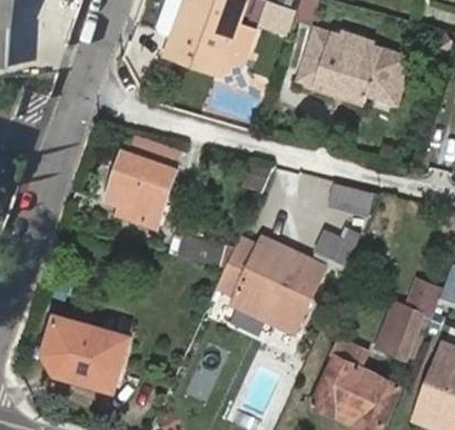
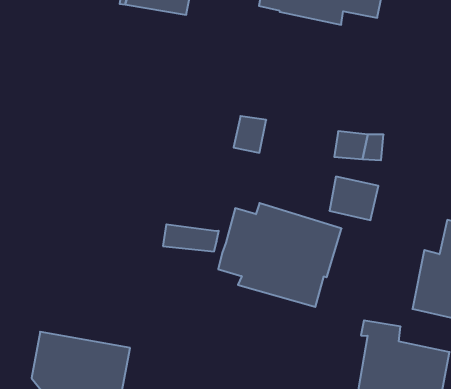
building: [107,154,180,233] -> none

